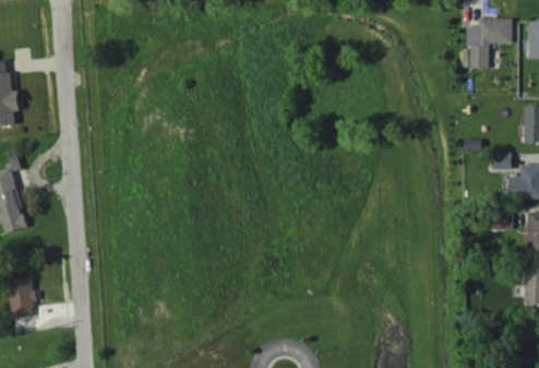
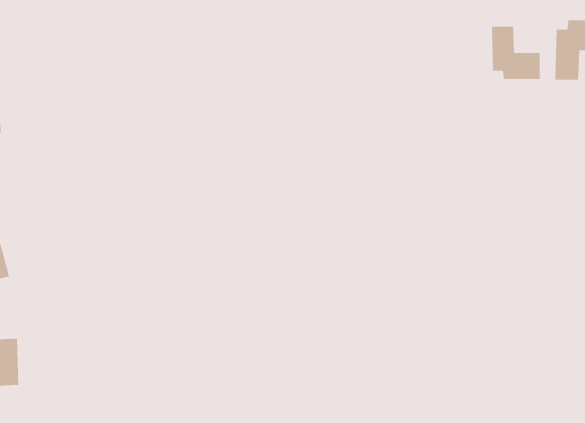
building: none -> [491,26,540,80]

